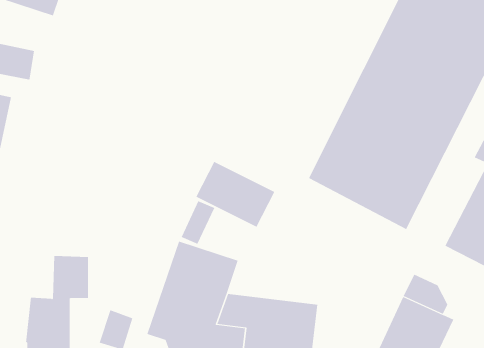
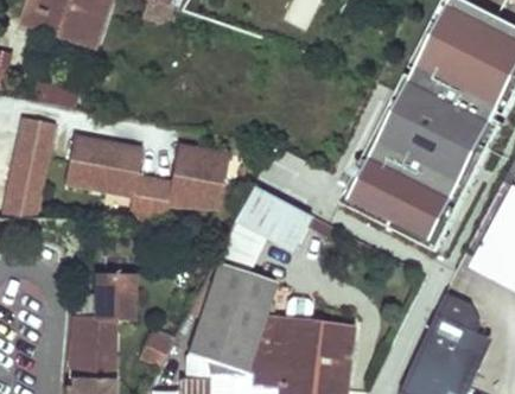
building: none -> [64,134,230,223]

